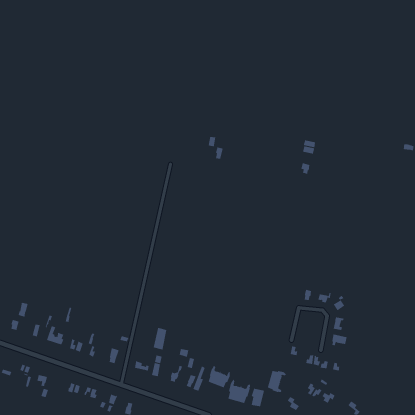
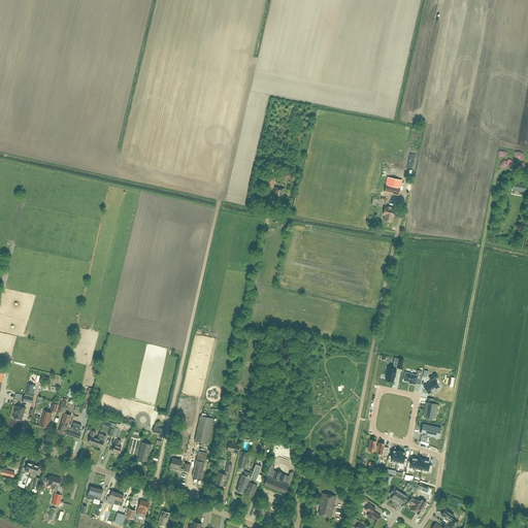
building: [267,370,287,393] -> none
building: [228,379,251,404] -> none

